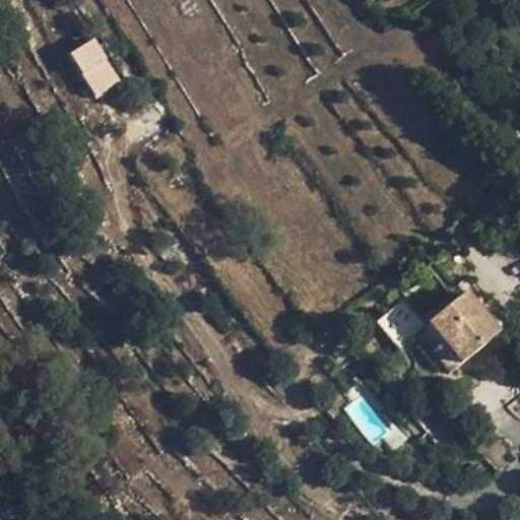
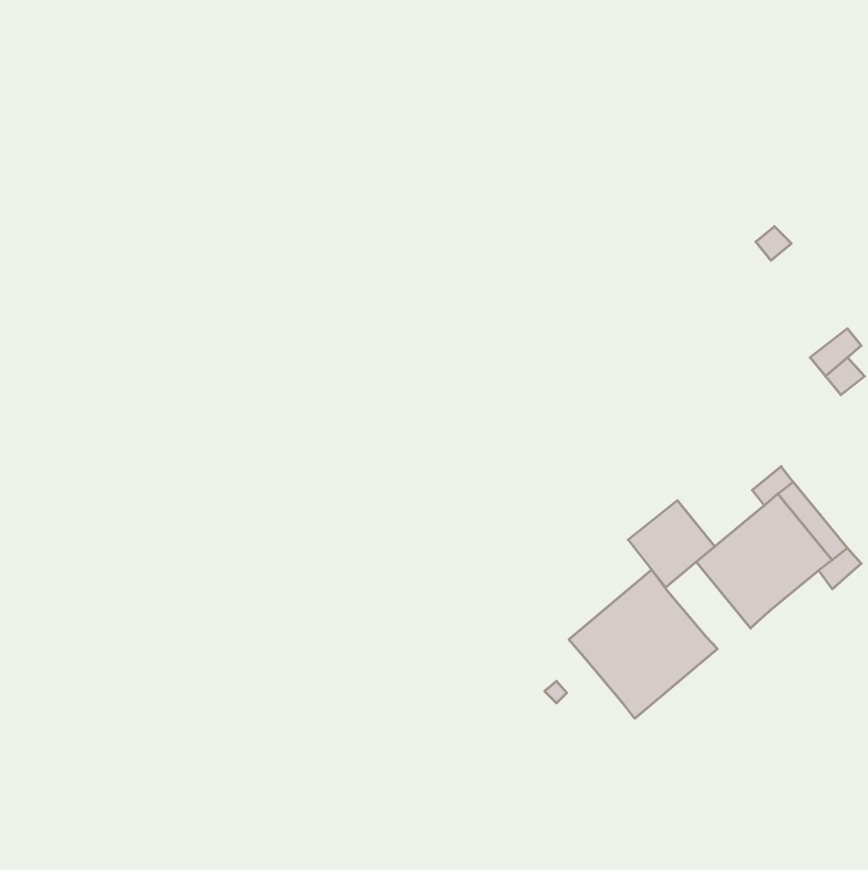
building: [67,37,121,96] -> none
building: none -> [569,570,717,718]

